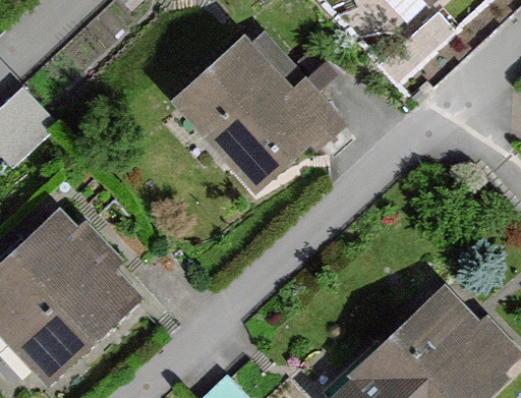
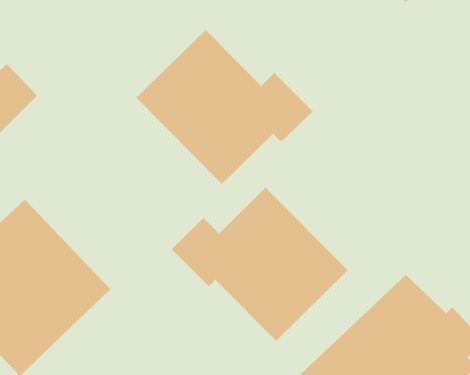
building: none -> [171,187,349,342]

